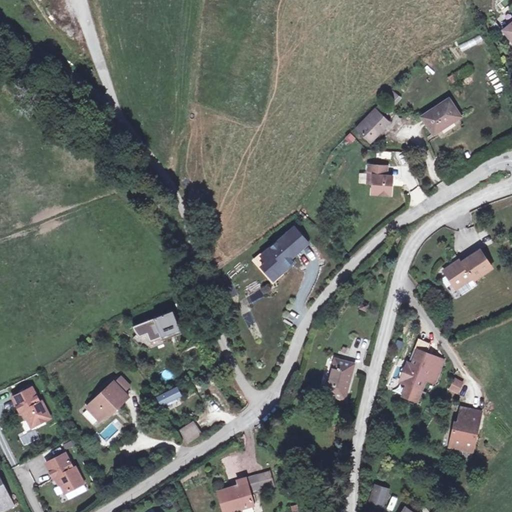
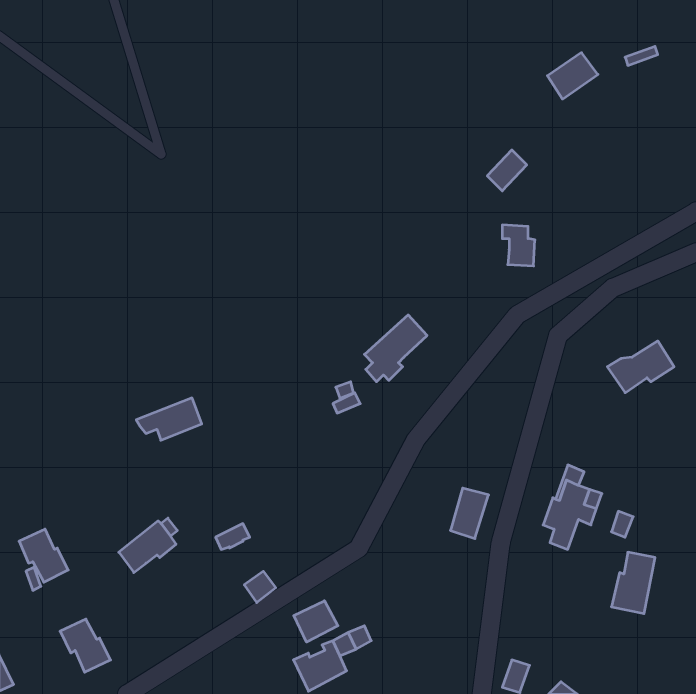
building: [423,97,460,131] -> [547,53,598,99]
building: [129,310,177,341] -> [136,398,202,440]
building: none -> [294,601,338,642]

